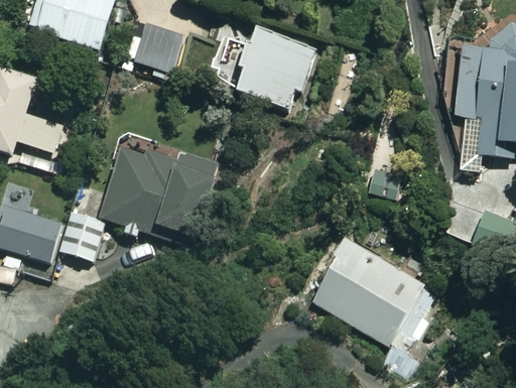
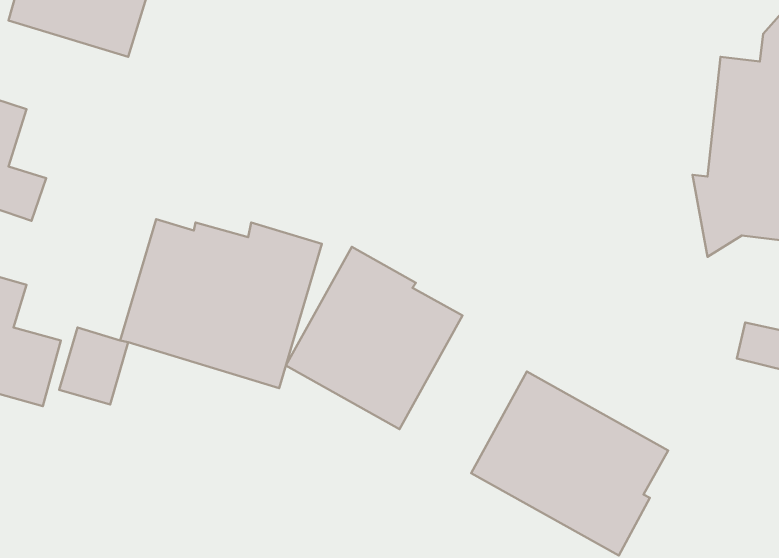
building: [134,24,180,76] -> none
building: [235,25,308,106] -> none
building: none -> [286,247,462,429]

